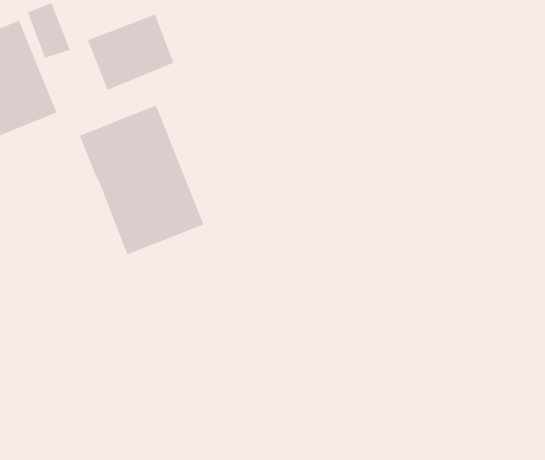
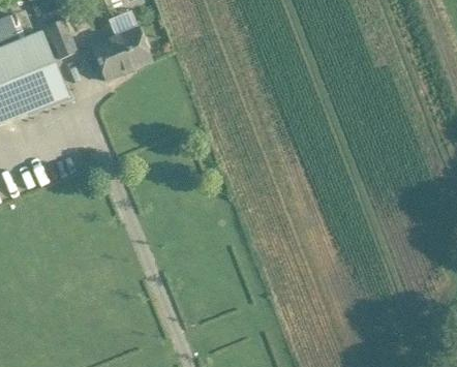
building: [79,105,204,256] -> none

